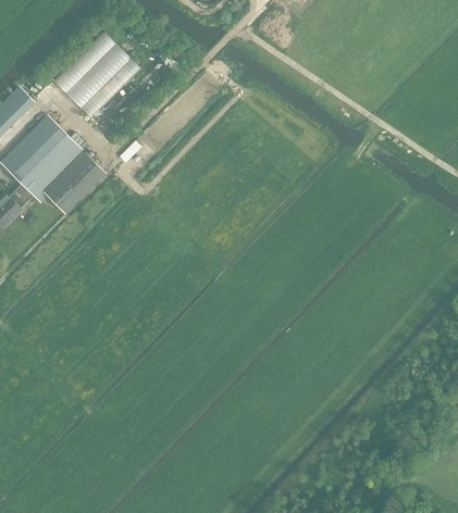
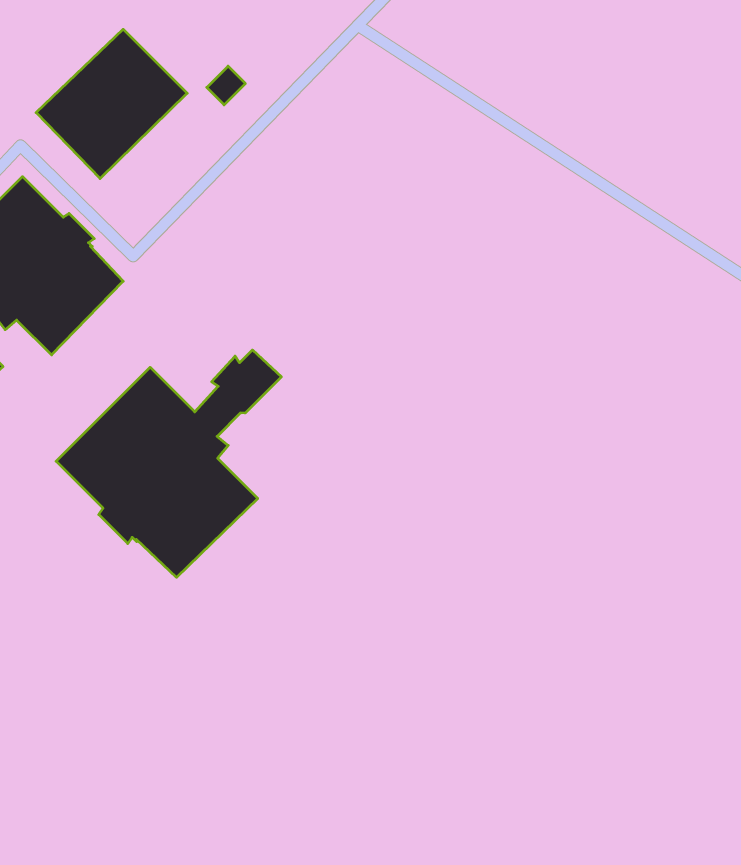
building: none -> [56,350,281,577]

